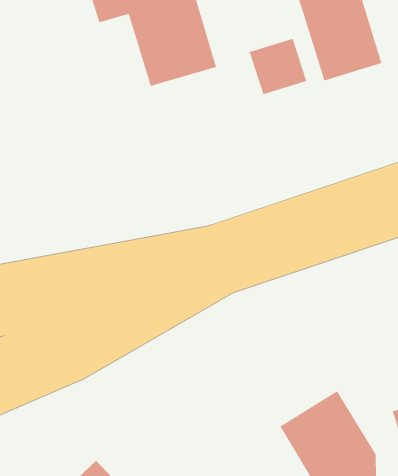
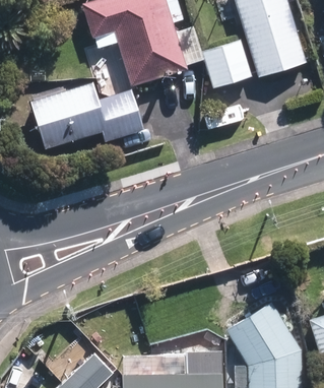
building: none -> [35,86,142,140]

